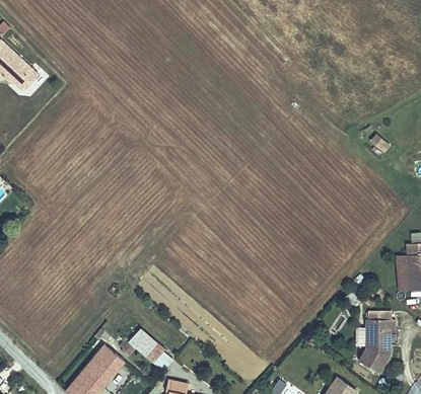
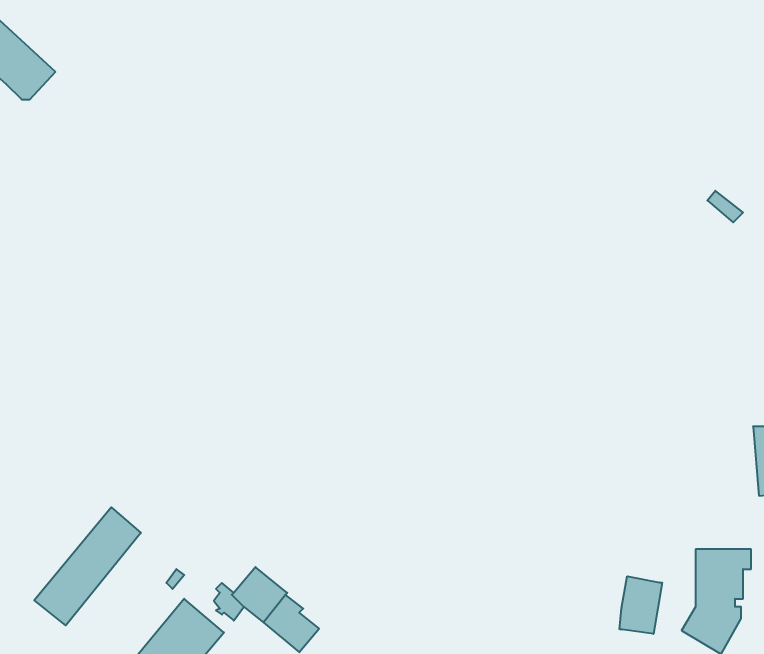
building: none -> [34,507,141,625]
building: none -> [620,576,662,634]

